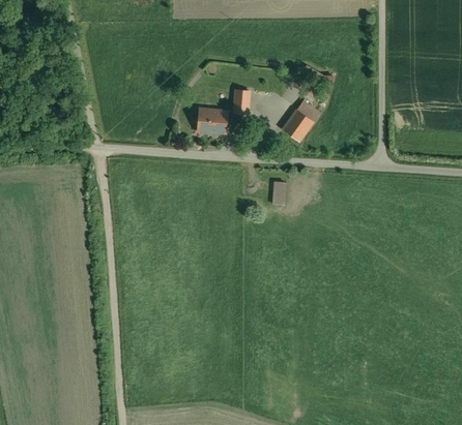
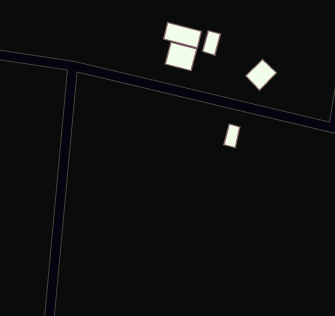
building: none -> [164,22,201,48]

